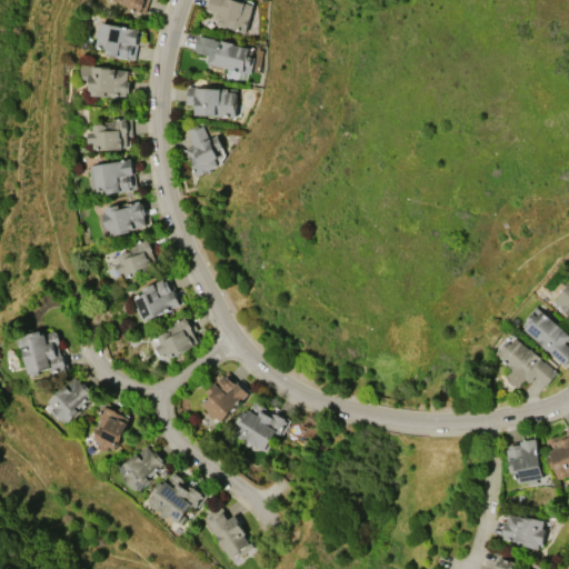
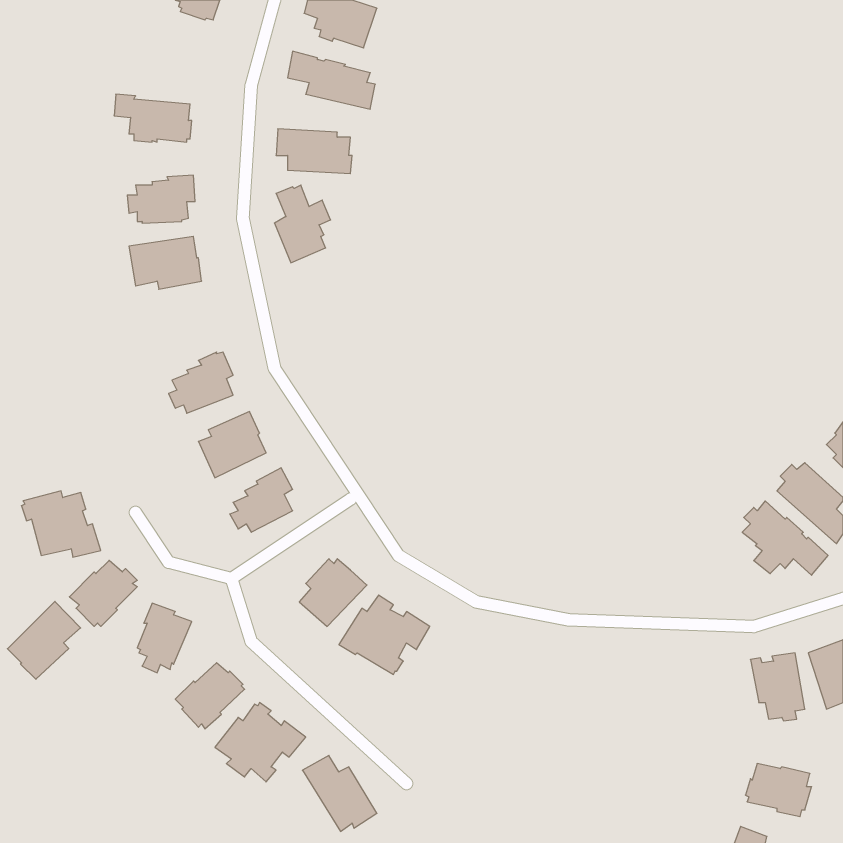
building: [92,23,139,61] -> none
building: [102,201,147,238] -> none
building: none -> [7,601,81,679]

